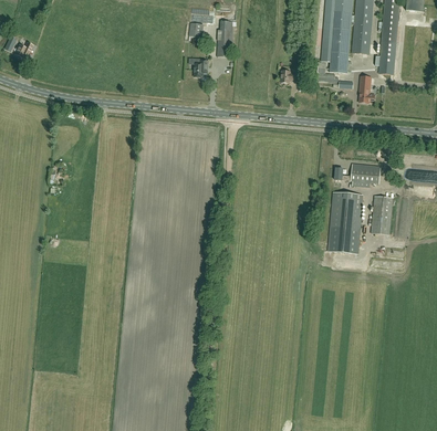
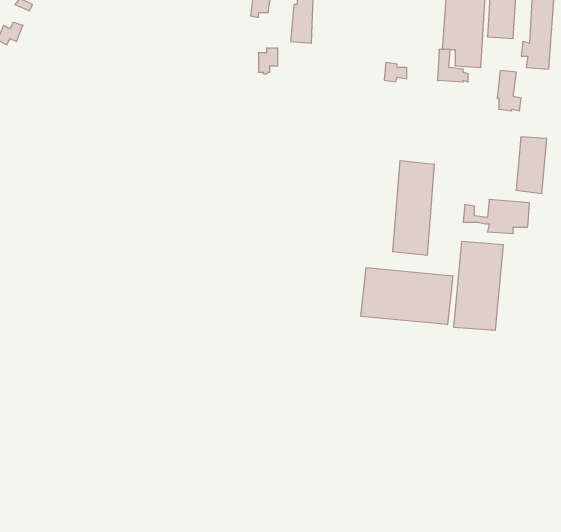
building: none -> [393,161,434,255]
building: [372,195,393,233] -> [516,137,547,193]
building: none -> [361,268,453,325]

